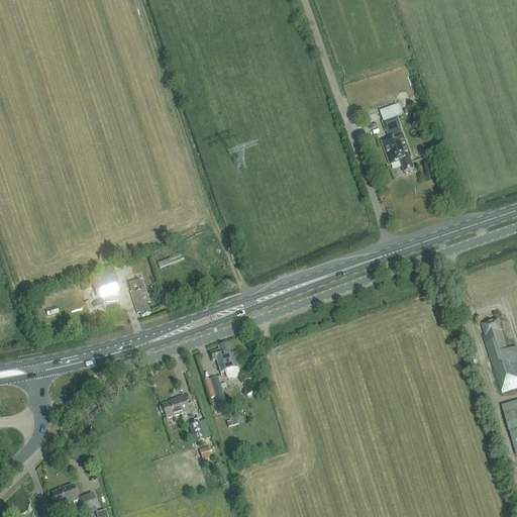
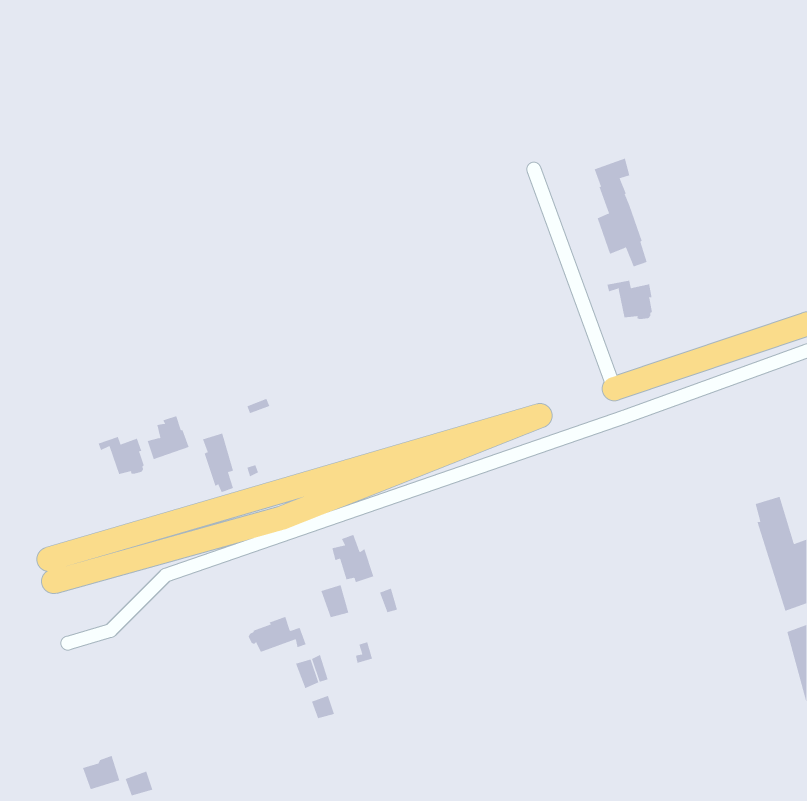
building: none -> [607,280,653,320]
building: none -> [98,436,145,475]

